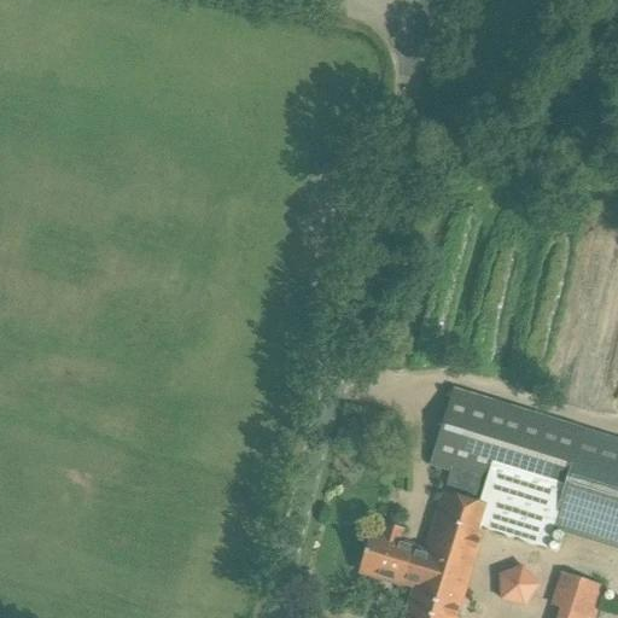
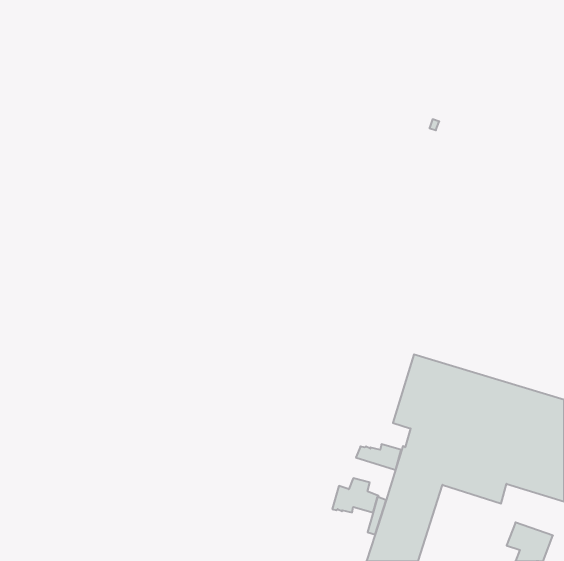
building: [358,554,408,582] -> [356,444,401,470]
building: [502,562,537,601] -> none

